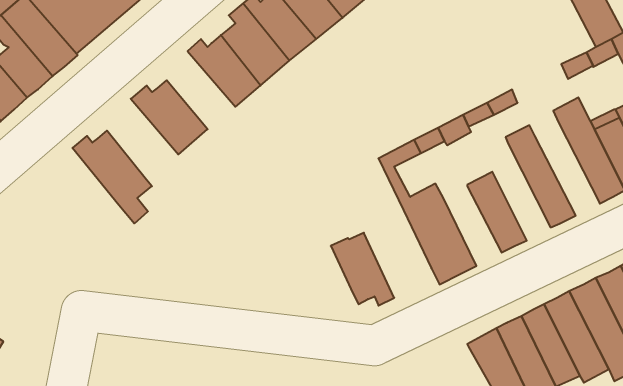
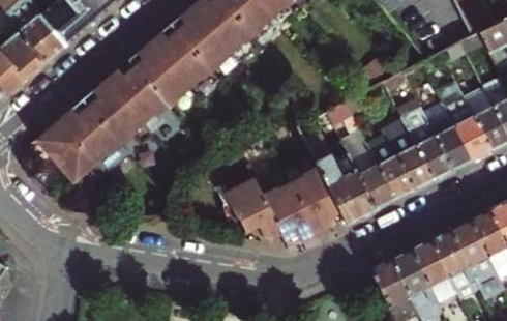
building: none -> [135,41,188,103]
building: none -> [88,79,144,142]
building: none -> [422,97,473,170]
building: none -> [382,114,435,189]
building: none -> [41,117,97,180]
building: none -> [351,147,396,209]
building: none -> [289,166,341,234]
building: none -> [225,177,280,236]

